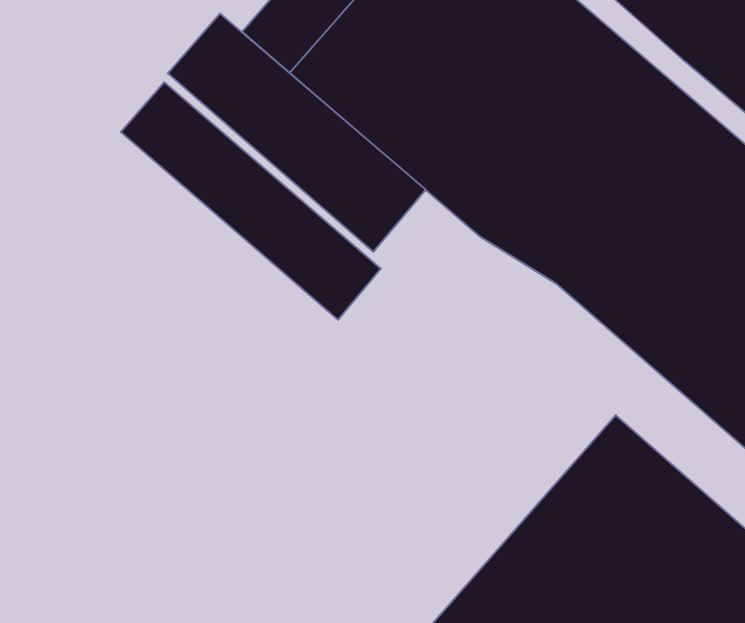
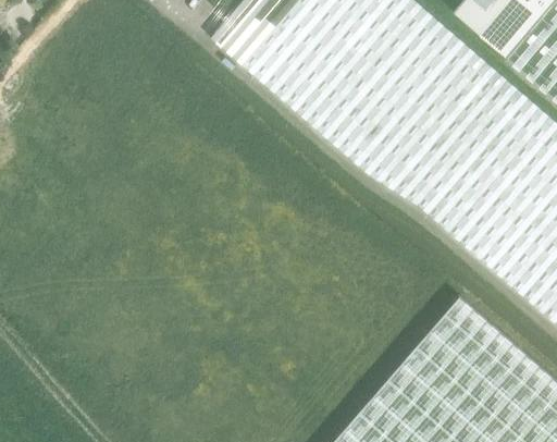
building: [168,13,426,252] -> none
building: [121,82,381,320] -> none

